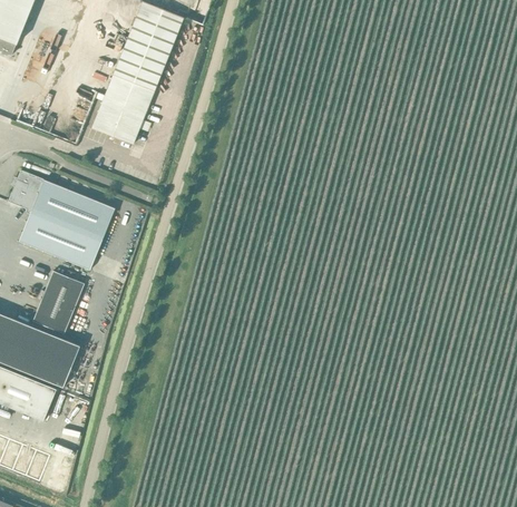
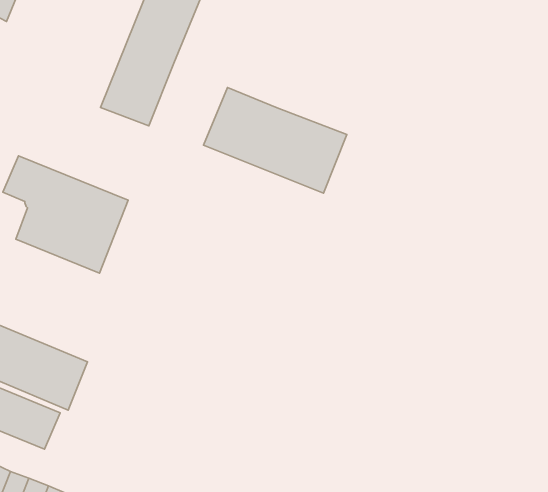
building: none -> [203,87,347,193]
building: [31,271,84,334] -> none

